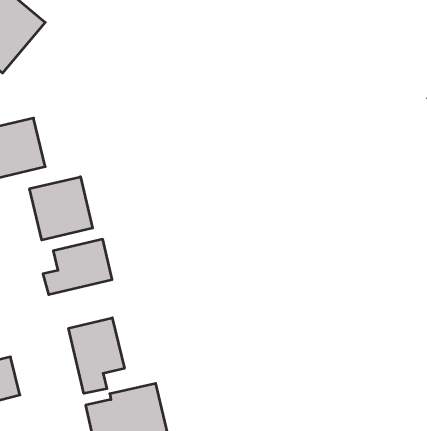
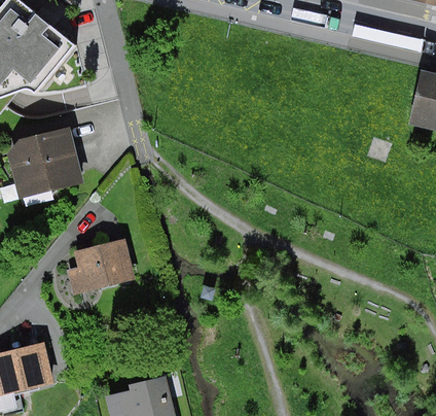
building: [30,177,93,240] -> none
building: [69,318,124,393] -> none

